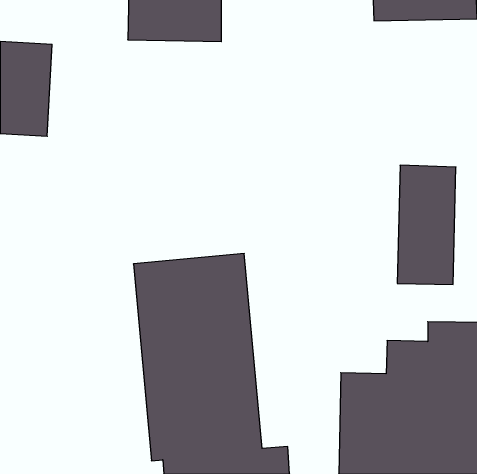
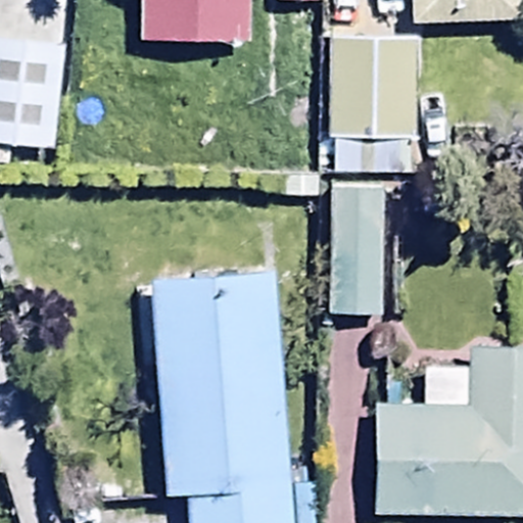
building: none -> [321,36,421,172]
building: [397,165,456,284] -> [327,186,390,315]

